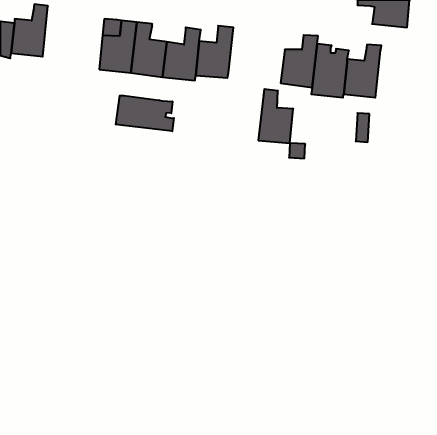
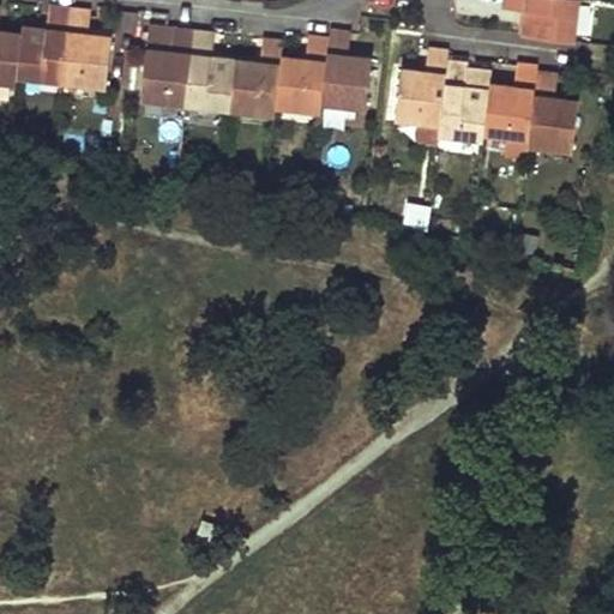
building: none -> [60,12,112,88]
building: none -> [525,74,577,151]
building: [258,89,293,143] -> [320,34,369,109]
building: [116,96,174,131] -> none

